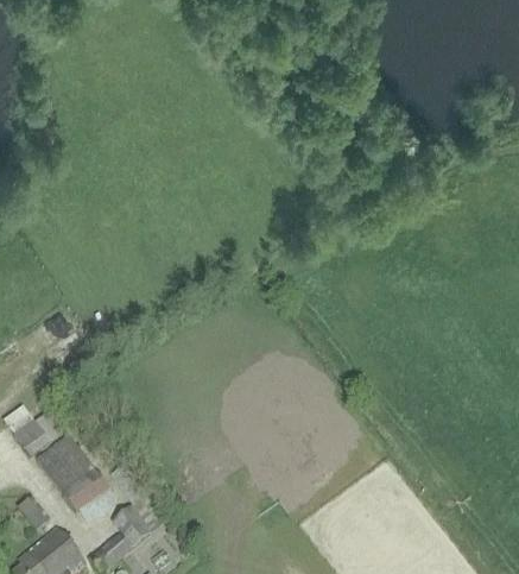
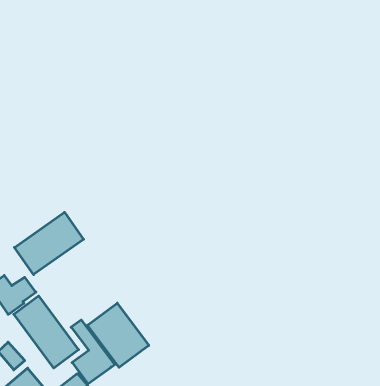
building: none -> [14,212,84,275]
building: none -> [88,303,149,367]

